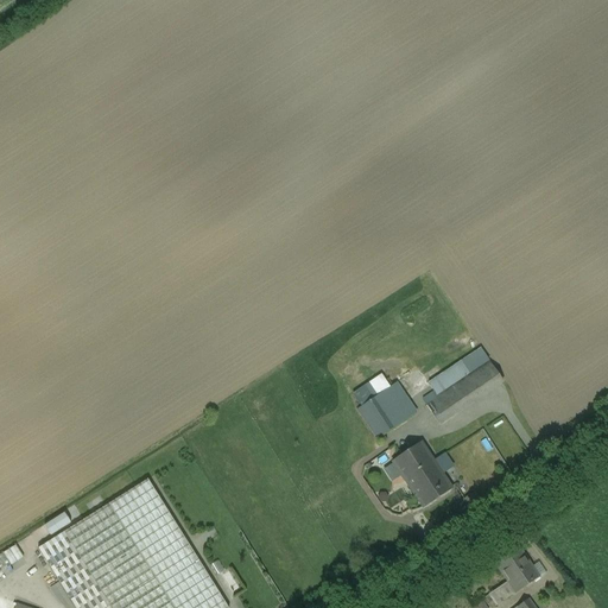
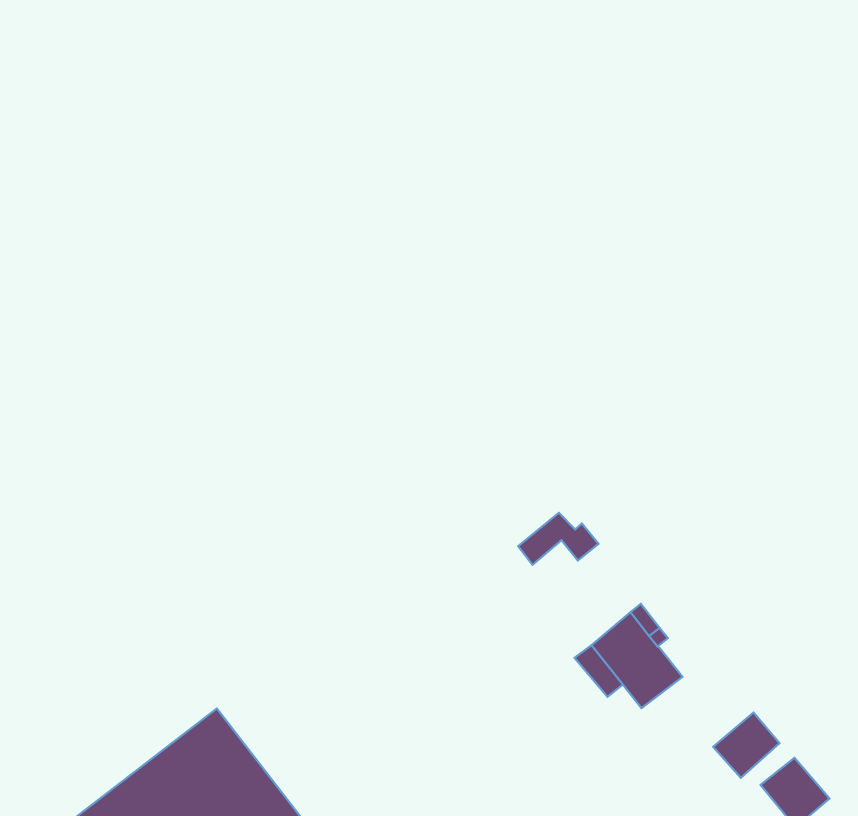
building: [423,348,502,423] -> none
building: [357,392,417,438] -> none
building: none -> [713,712,779,778]

